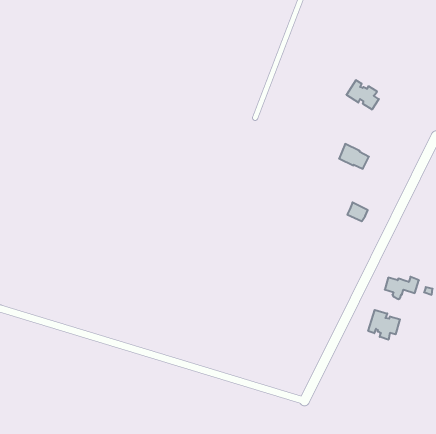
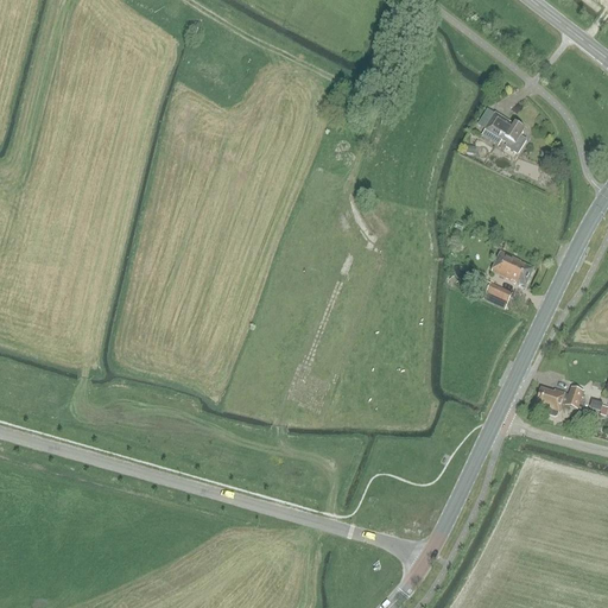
building: [339,144,369,169] -> [492,249,533,284]
building: [368,310,400,340] -> none

